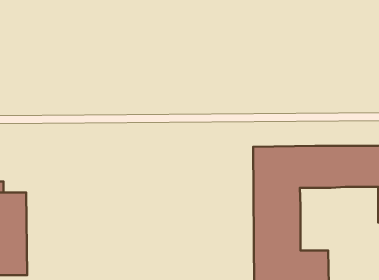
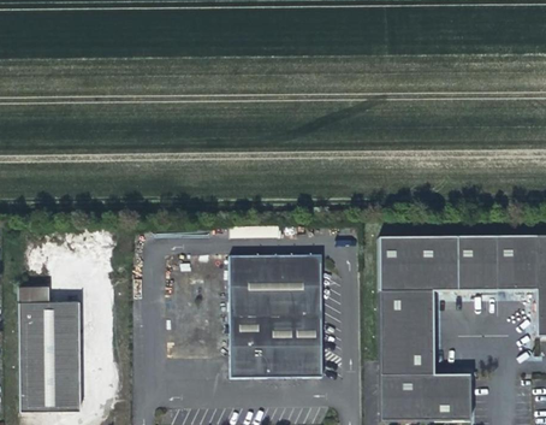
building: none -> [229,254,322,377]

